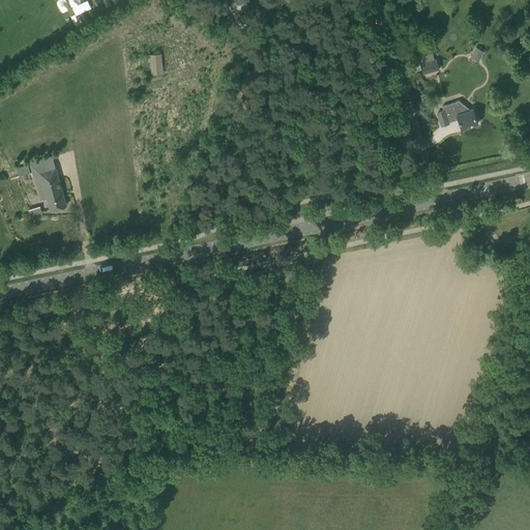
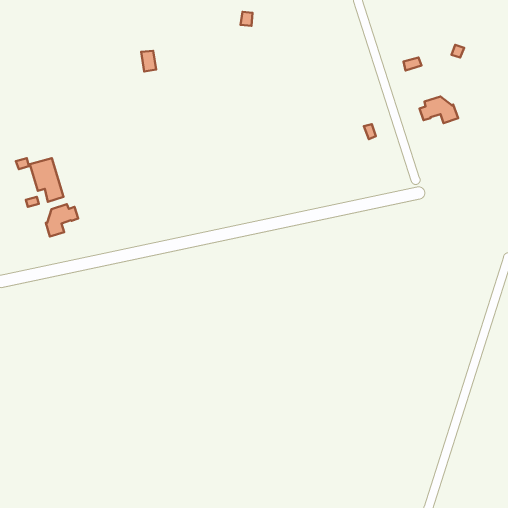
building: none -> [46,204,78,236]

